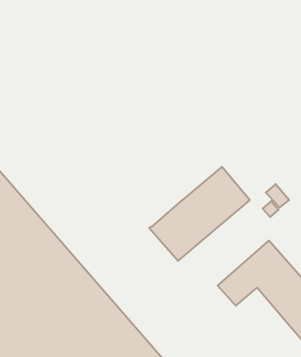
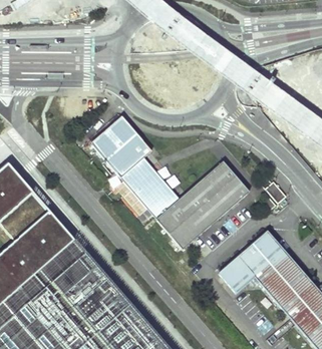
building: none -> [88,115,179,218]

